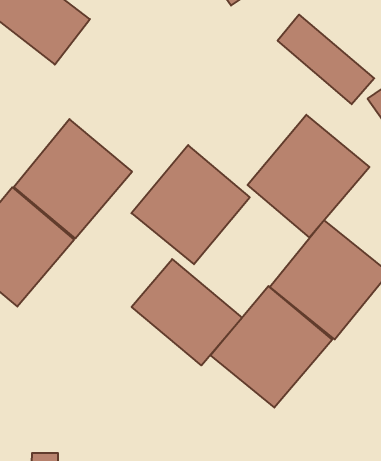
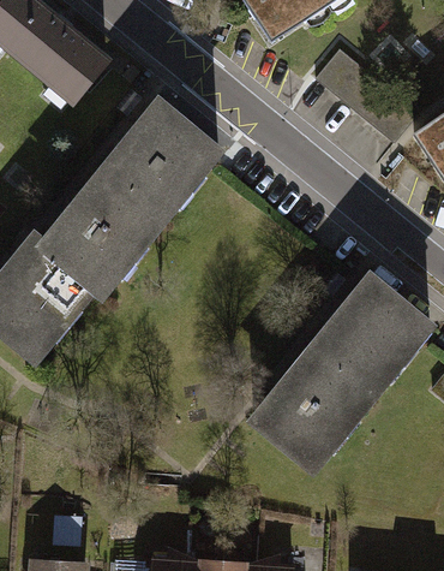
building: [248,115,369,237] -> none
building: [131,145,250,264] -> [98,93,223,219]
building: [132,259,242,365] -> none

